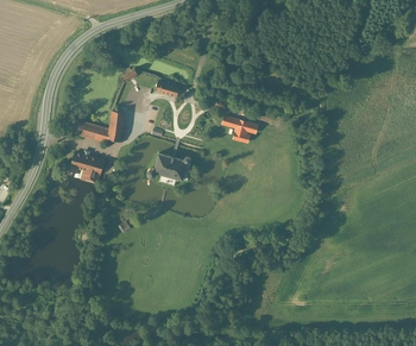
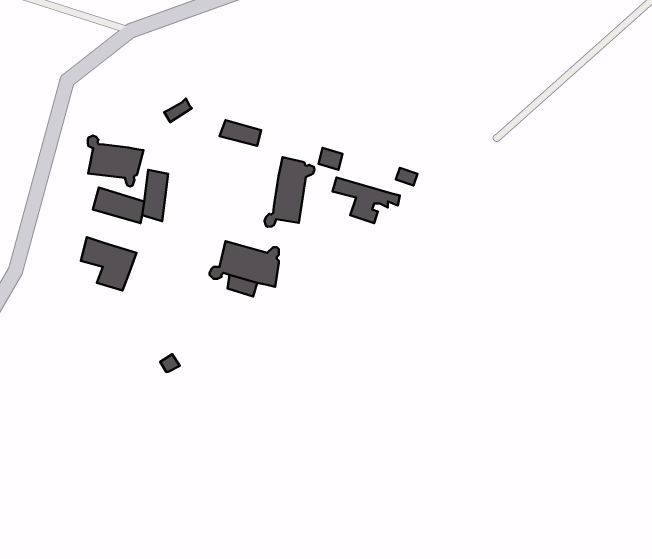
building: none -> [88,135,143,187]
building: none -> [264,157,315,227]

